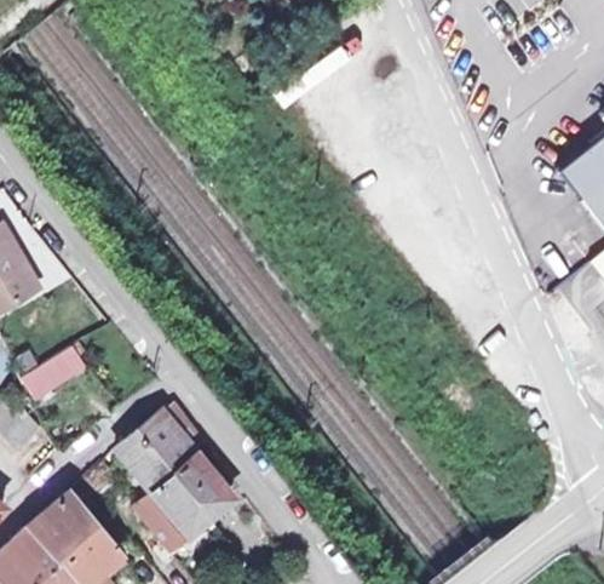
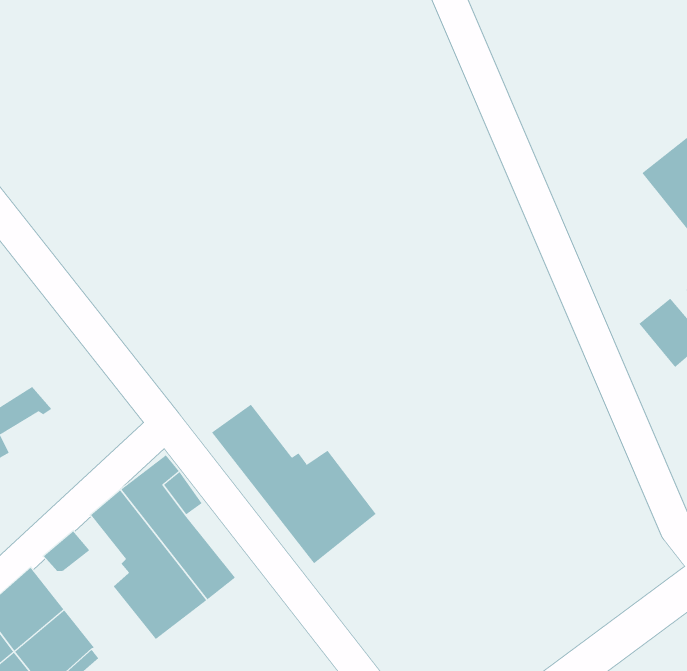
building: none -> [211,404,377,564]

